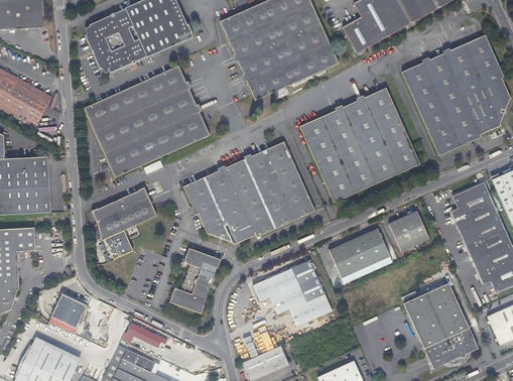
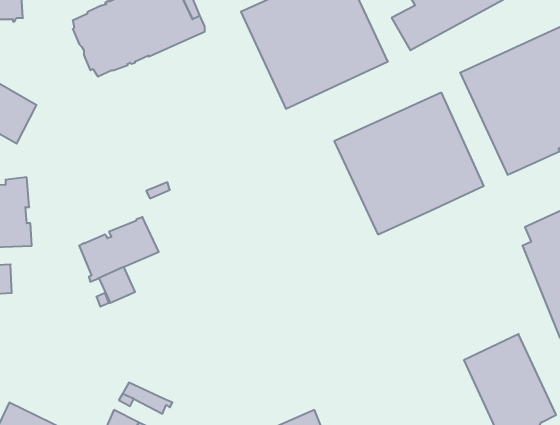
building: [84,66,209,176] -> none
building: [181,140,313,245] -> none
building: [387,211,427,250] -> none
building: [328,228,388,277] -> none
building: [170,245,221,310] -> none
building: [253,259,333,327] -> none
building: [49,292,87,332] -> none

